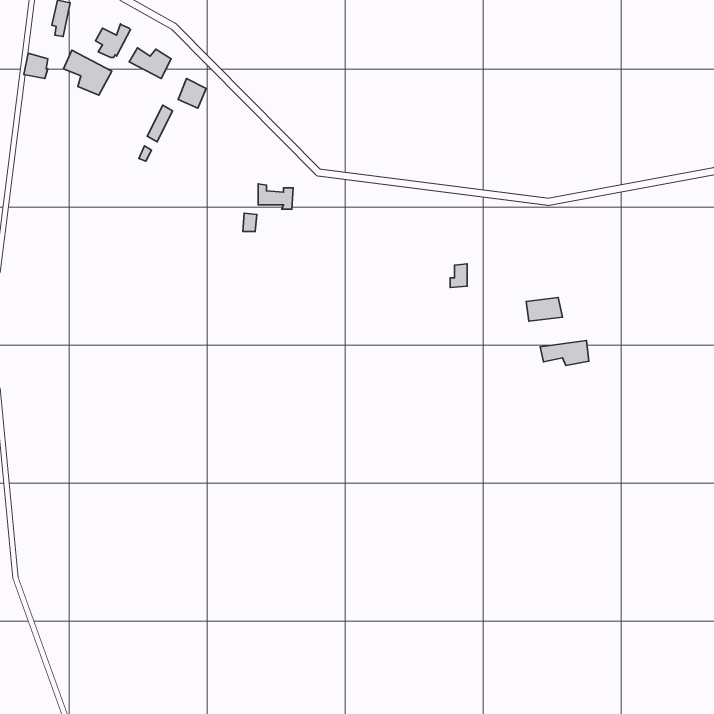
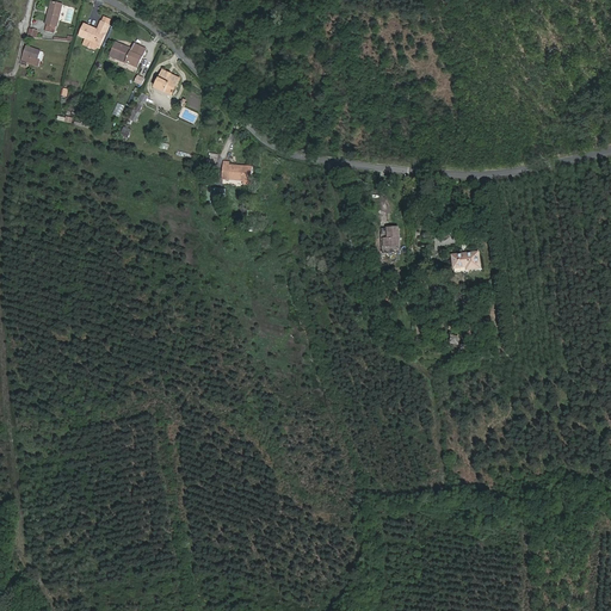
building: [63,50,112,95] -> none
building: [540,341,589,366] -> none

